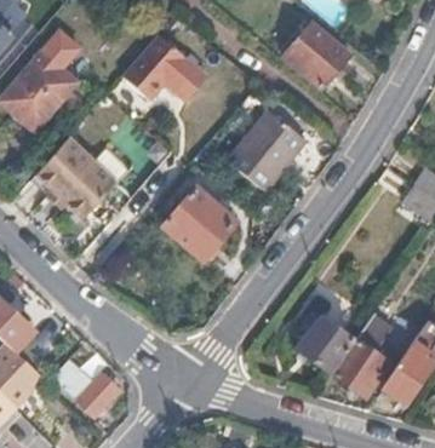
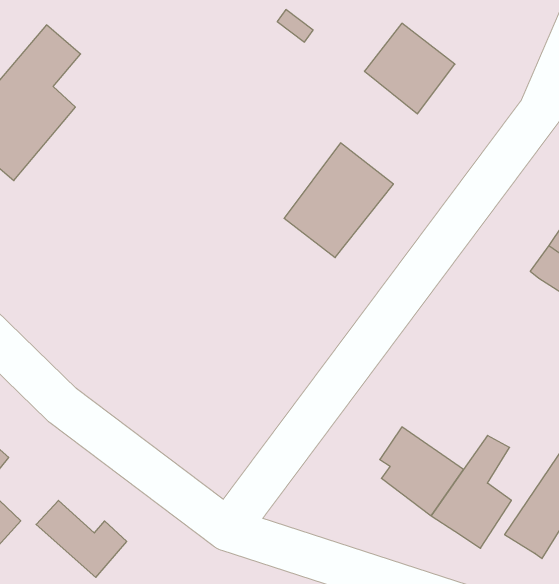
building: [124,33,206,99] -> none
building: [38,136,119,218] -> none
building: [165,188,236,260] -> none

